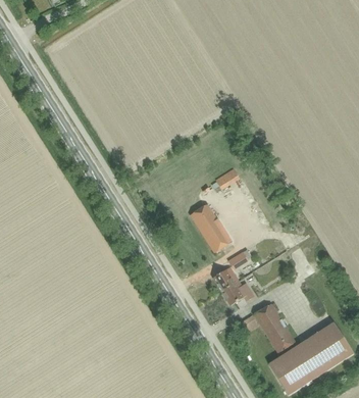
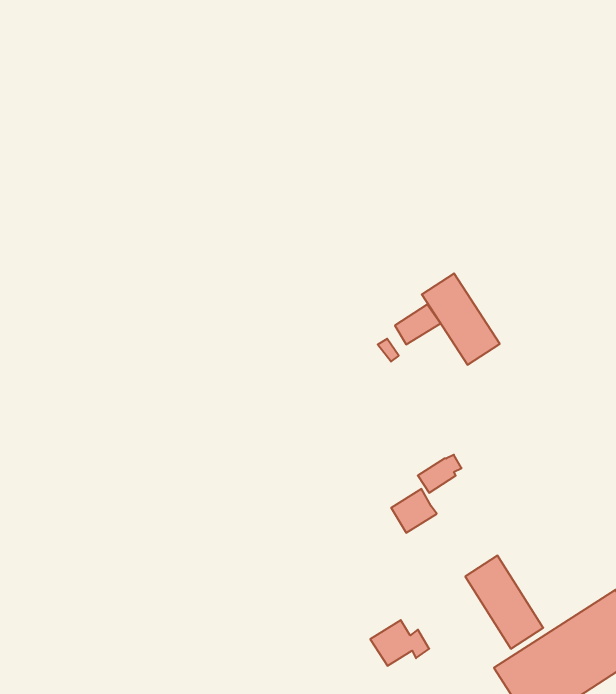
building: [190,203,232,252] -> [422,273,500,365]
building: [221,280,253,304] -> [370,620,429,666]

